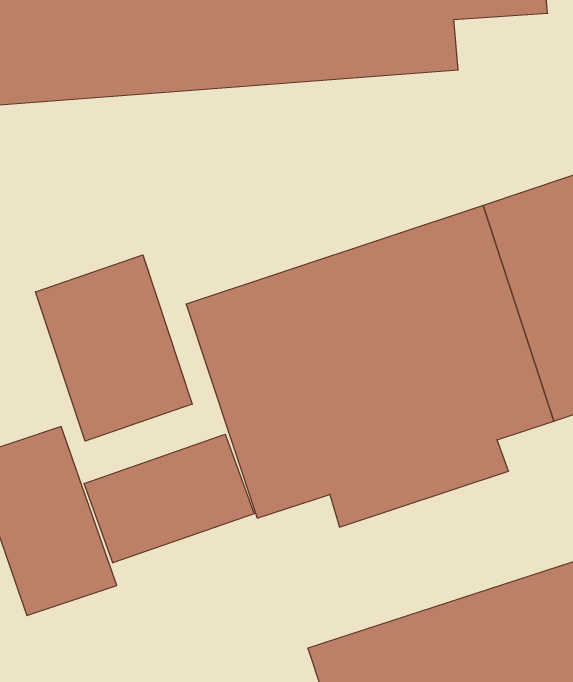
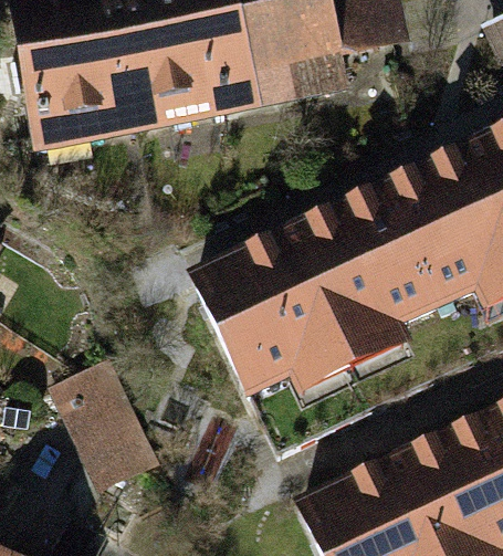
building: [36,255,192,441] -> none
building: [84,434,254,563] -> none

